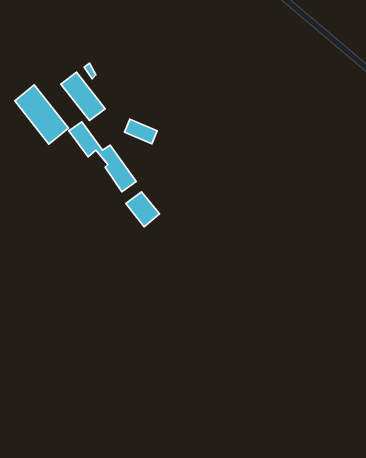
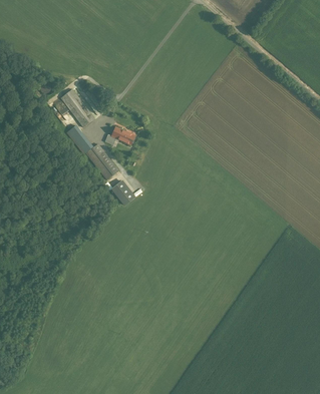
building: [15,85,68,144] -> none

